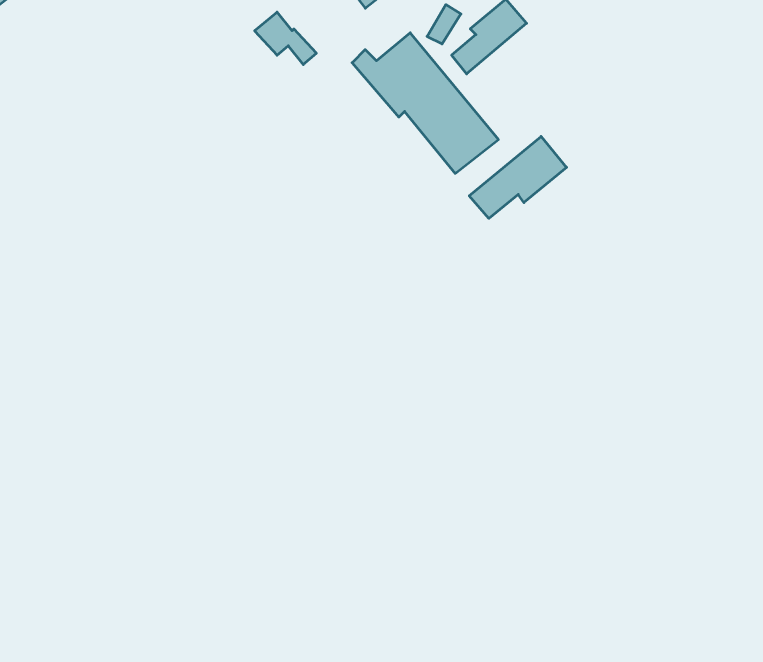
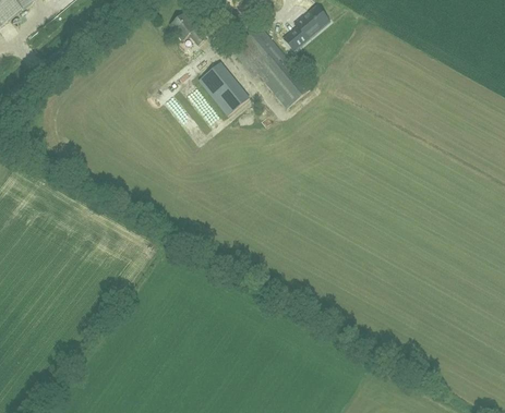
building: none -> [197,61,249,114]
building: [469,136,567,218] -> none

